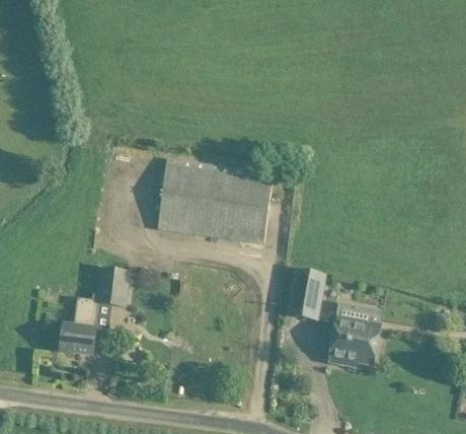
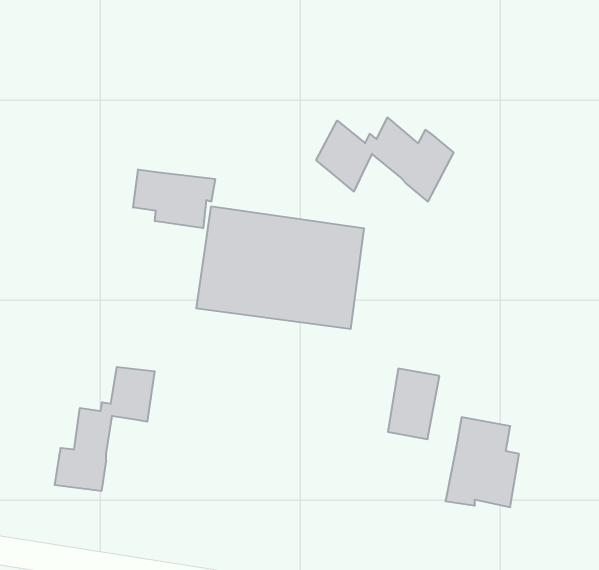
building: none -> [316,117,453,202]
building: none -> [133,169,215,228]

